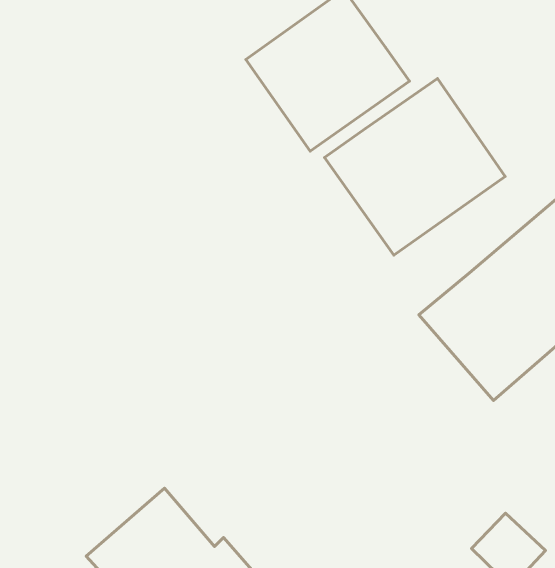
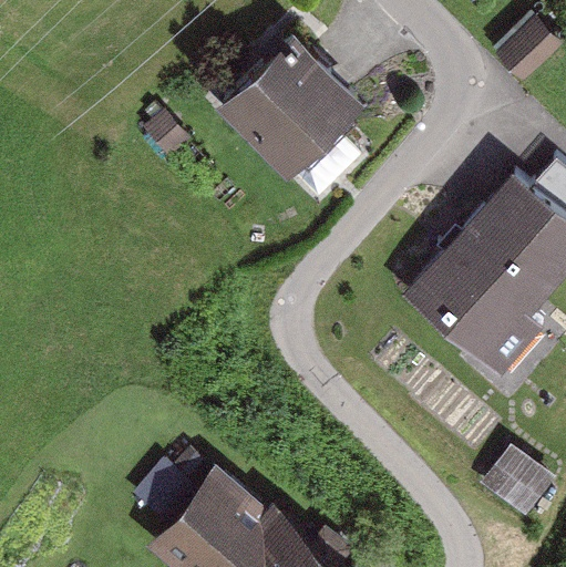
building: [325,79,505,255] -> none

